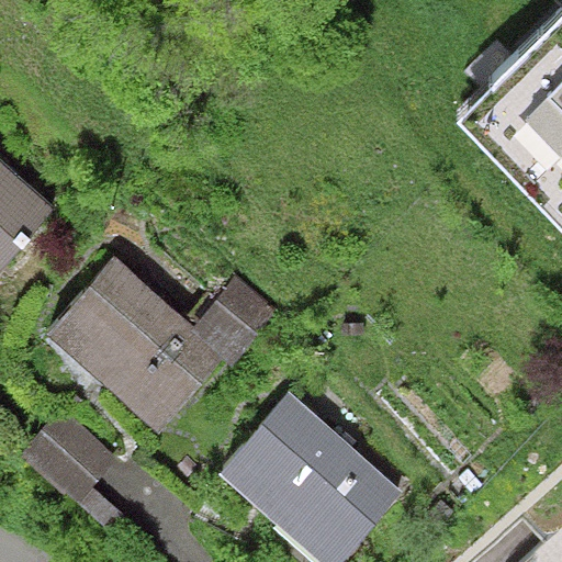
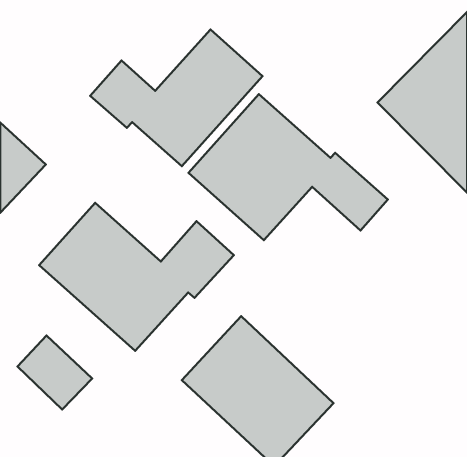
building: none -> [90,30,262,166]
building: none -> [188,94,388,240]

